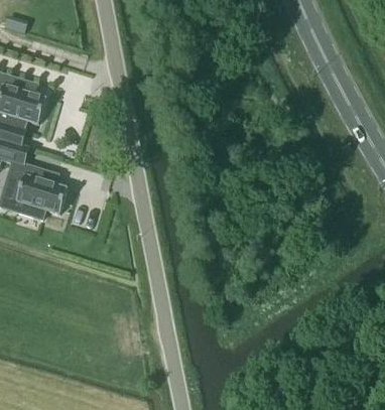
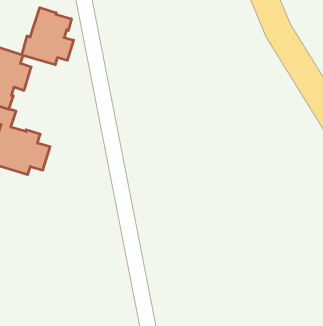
building: none -> [22,8,74,65]

